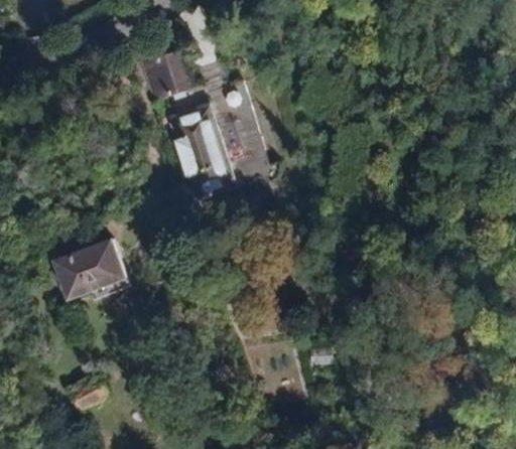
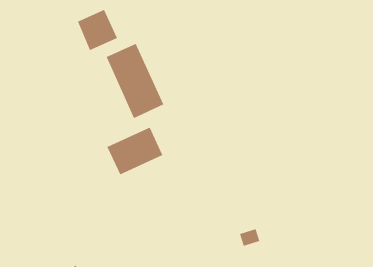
building: [54,239,124,294] -> [107,127,163,175]

